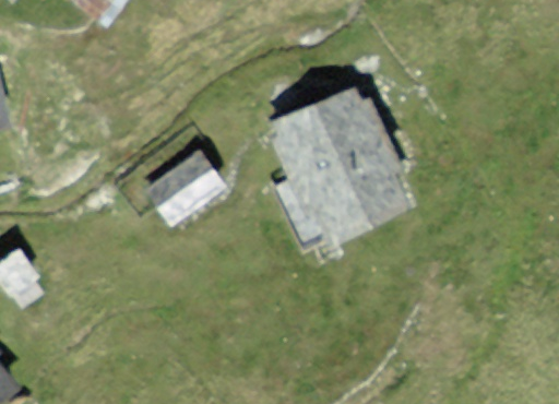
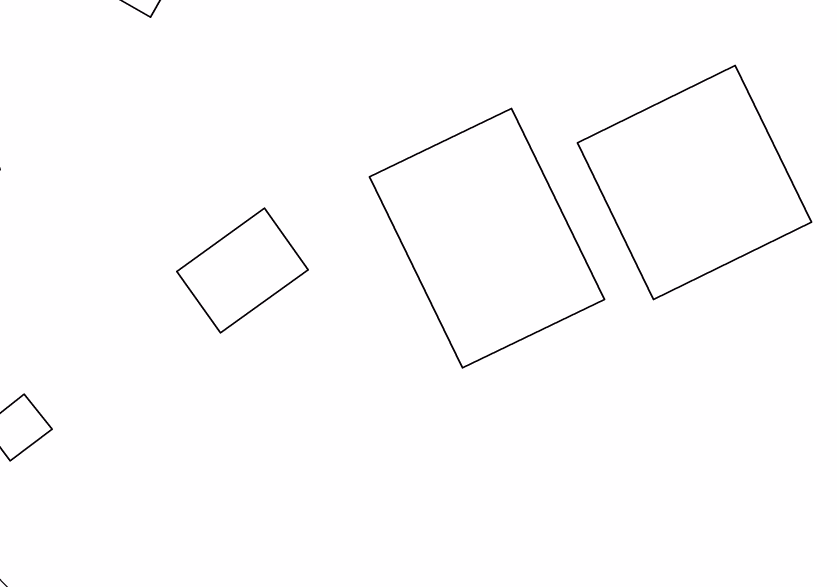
building: none -> [577,66,812,300]

